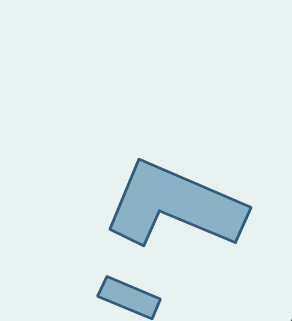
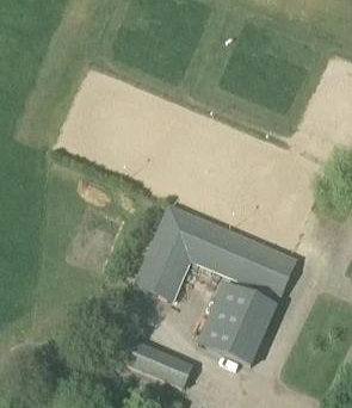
building: none -> [197,284,274,366]

